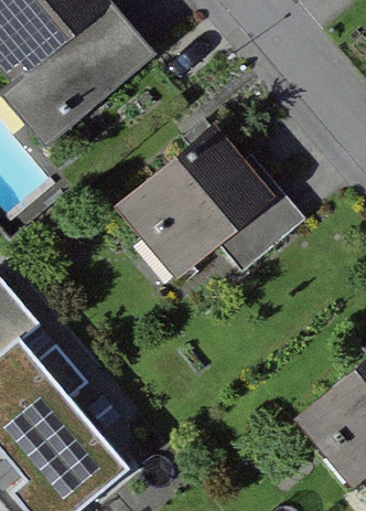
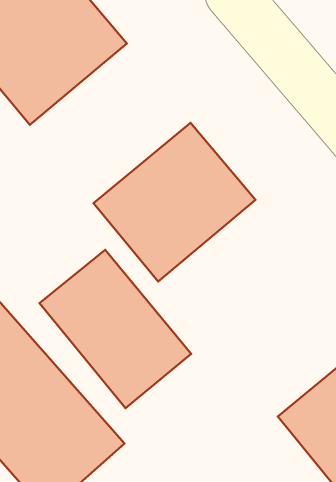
building: none -> [39,250,191,408]

